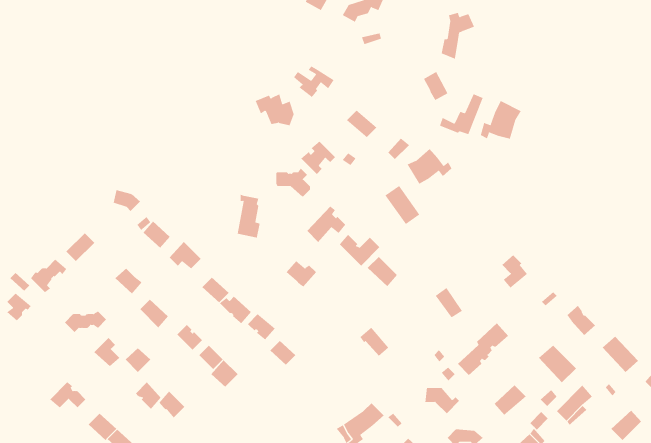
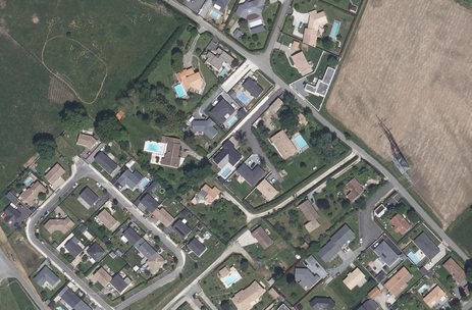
building: [480,100,522,139] -> none
building: [407,148,452,185] -> none

